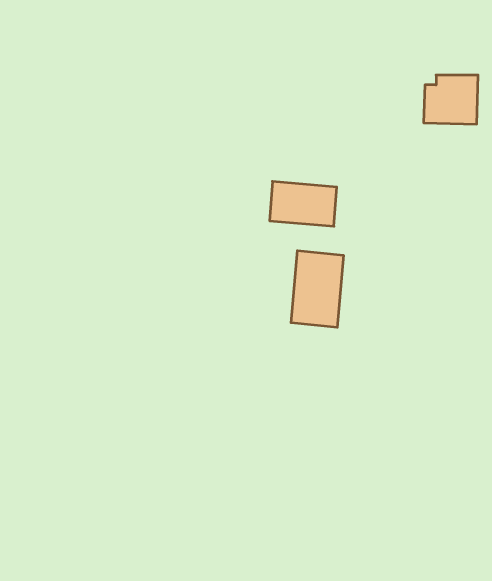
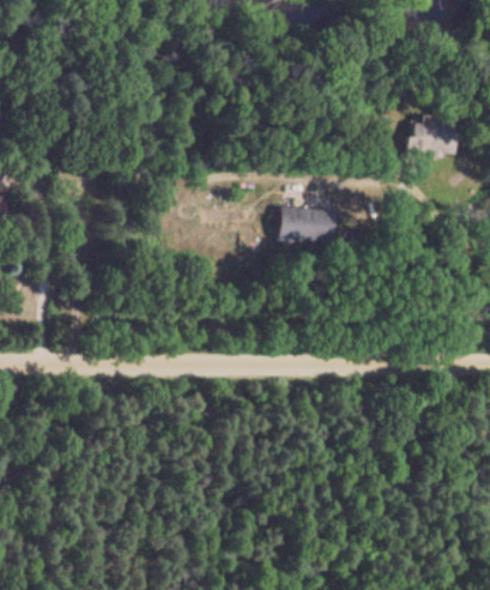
building: [291,251,343,327] -> none

